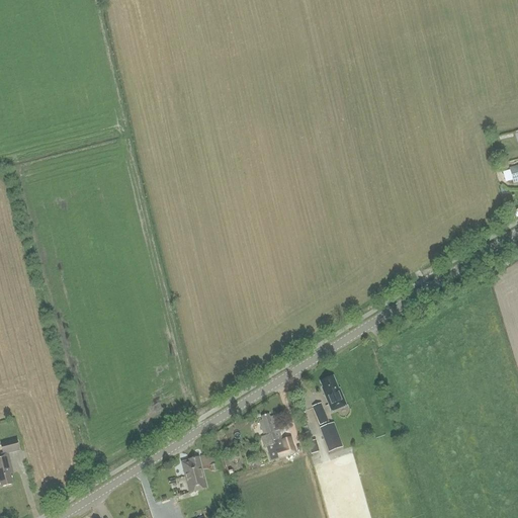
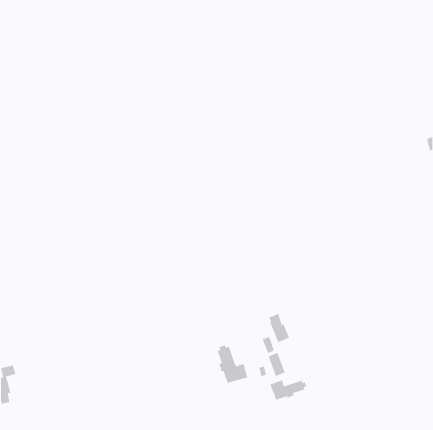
building: none -> [270,379,307,400]
building: [183,455,205,490] -> none

